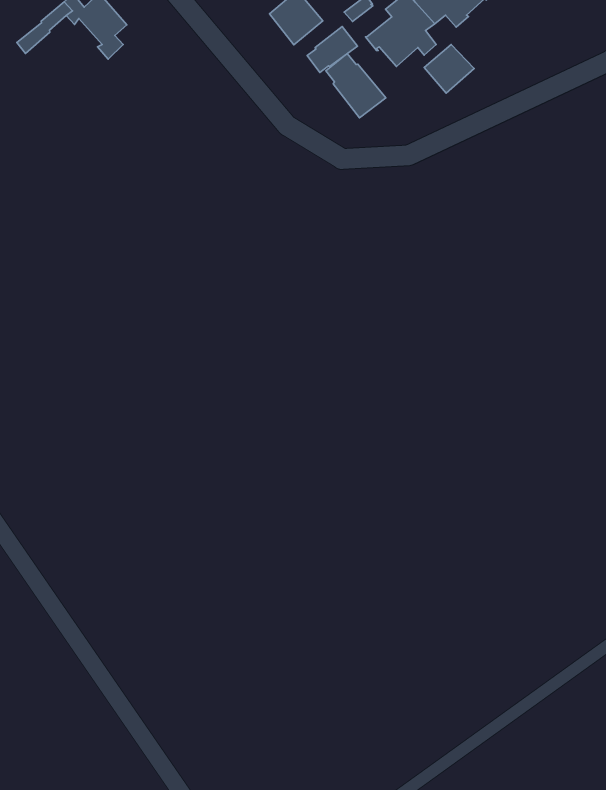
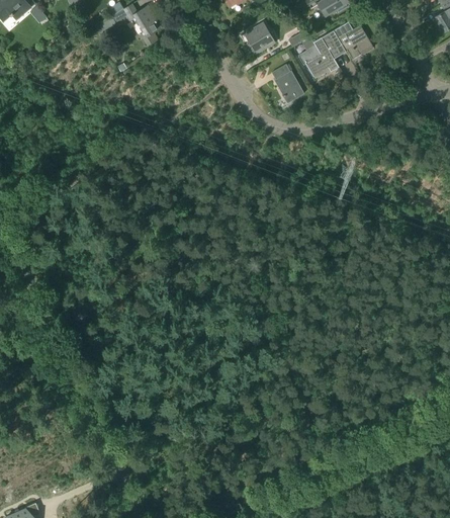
building: [307,27,358,72] -> none
building: [424,44,474,93] -> none

